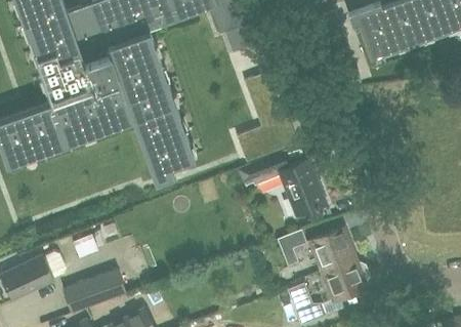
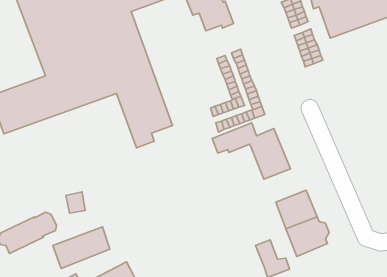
building: [276,231,306,268] -> none

